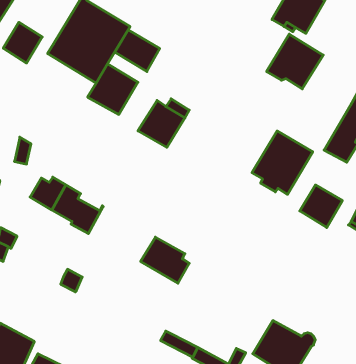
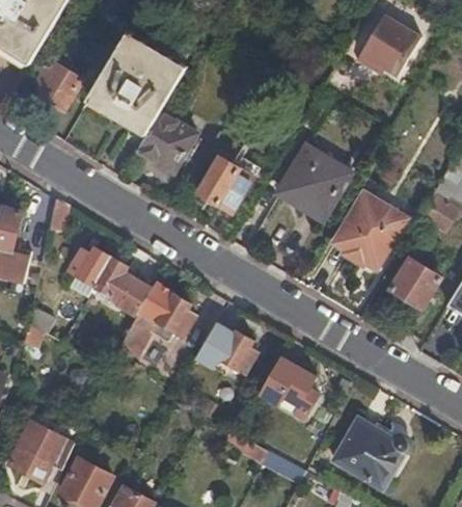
building: [115,30,160,72] -> none
building: [267,34,323,89] -> [279,149,347,214]
building: none -> [120,283,195,353]
building: none -> [259,356,319,421]

